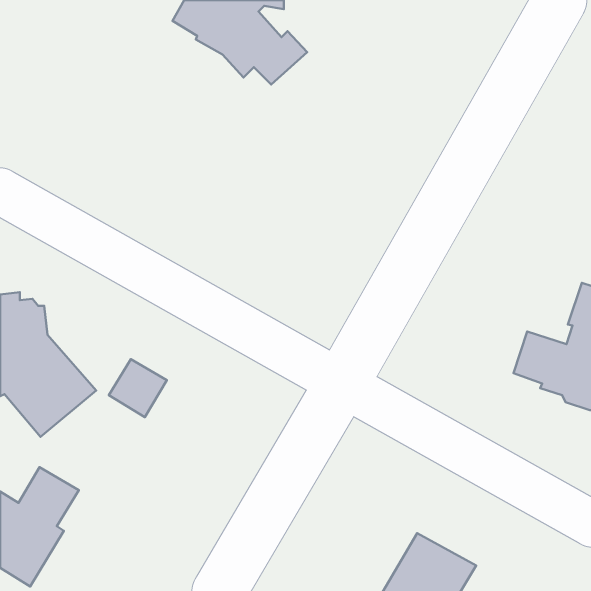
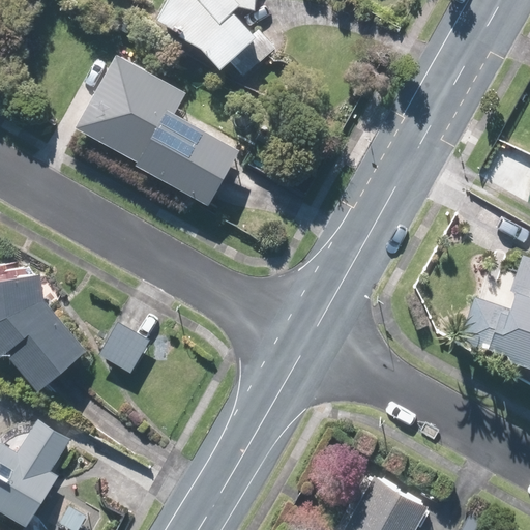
building: none -> [75,53,238,206]

